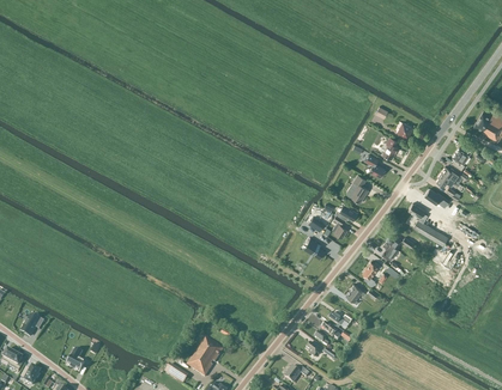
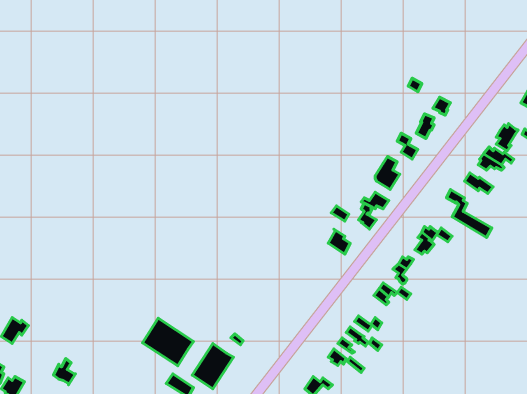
building: none -> [142,318,194,366]

